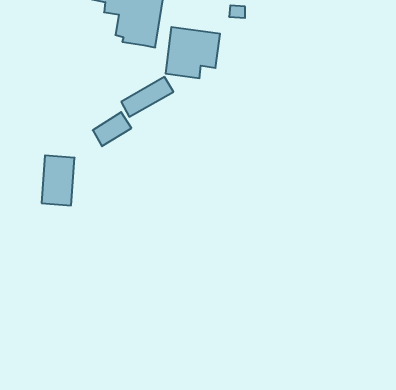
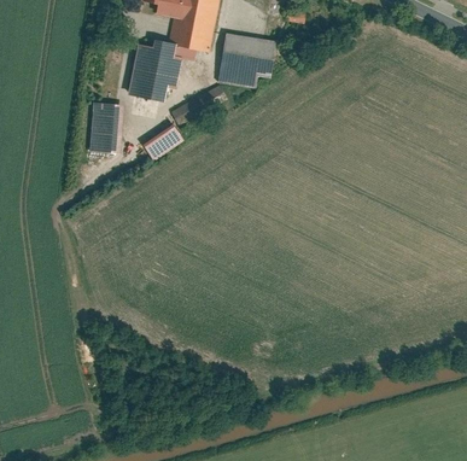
building: none -> [128,39,197,100]
building: [42,155,75,205] -> [91,100,125,153]

